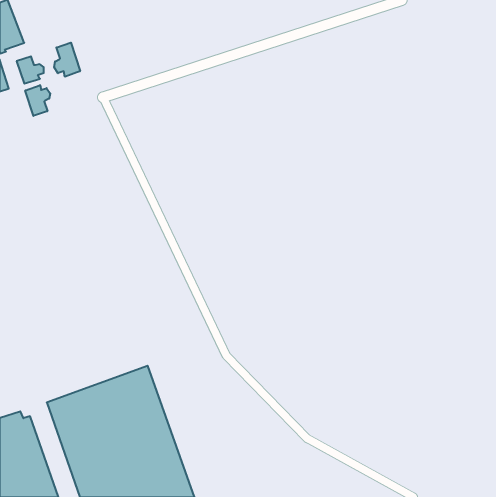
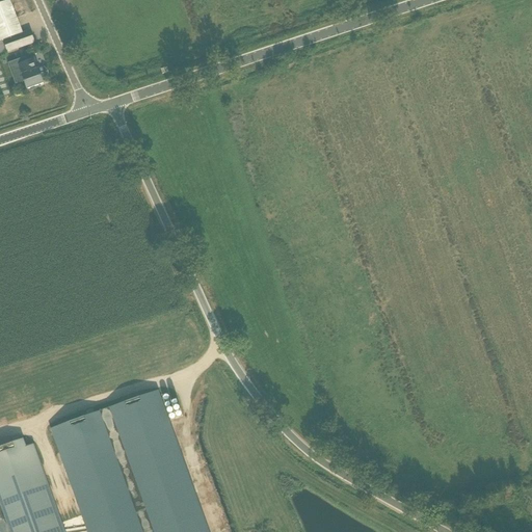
building: [54,43,80,77] -> none
building: [25,85,50,116] -> none

